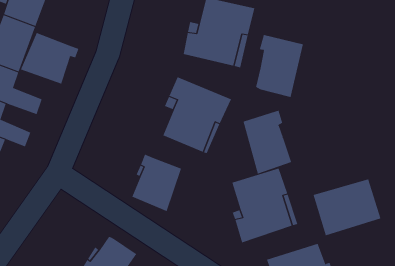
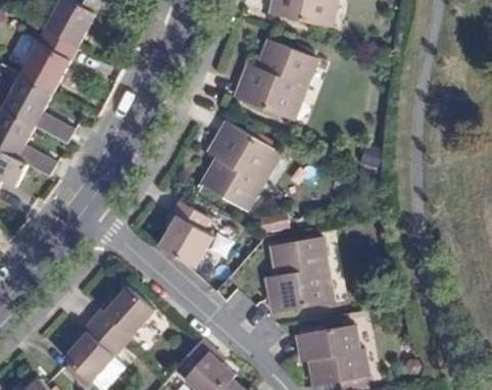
building: [20,32,79,85] -> none
building: [256,34,304,98] -> none
building: [243,110,292,174] -> none
building: [313,178,381,236] -> none

